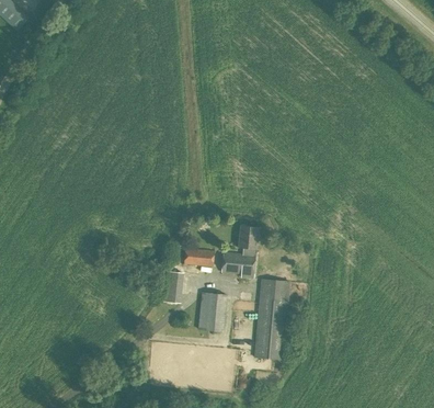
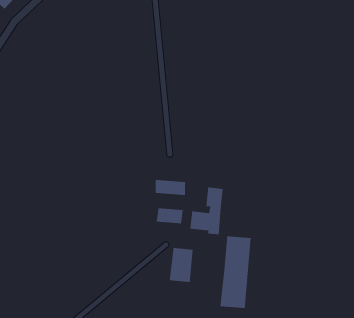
building: none -> [155,179,186,196]
building: [162,270,182,302] -> none

